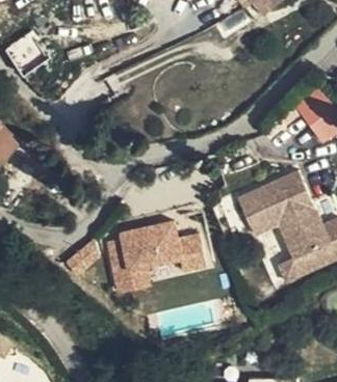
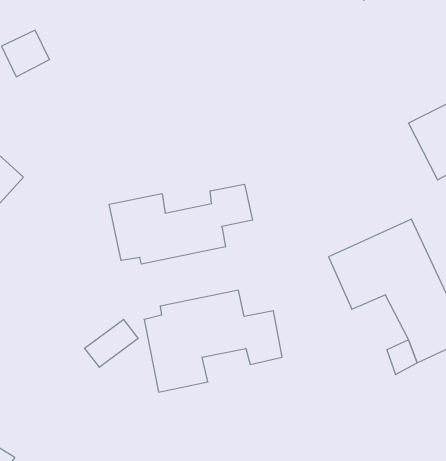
building: none -> [109,184,253,264]

